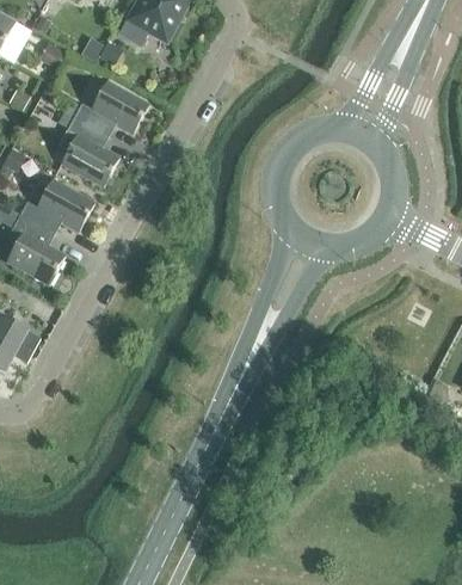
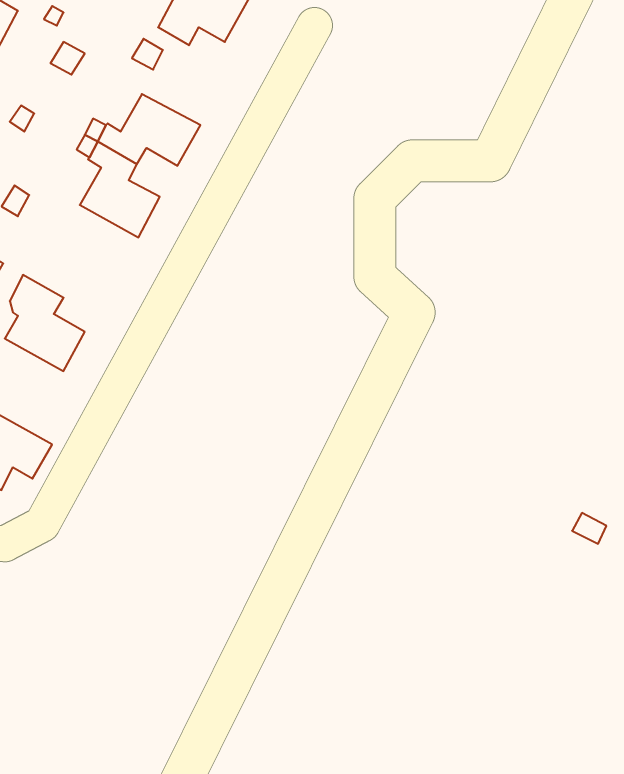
building: [19,179,94,232] -> none

